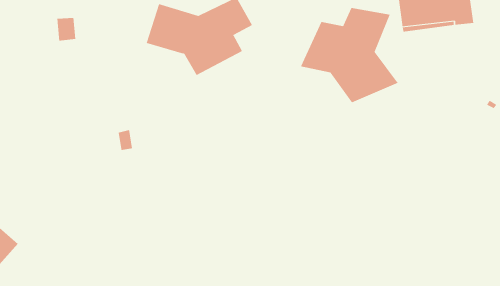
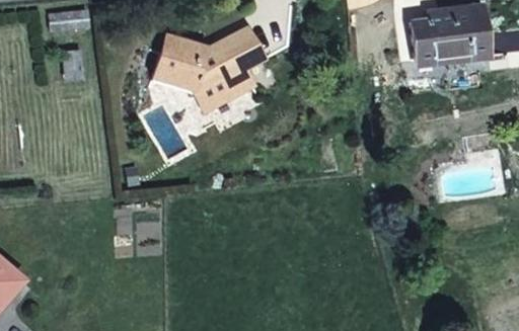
building: [300,7,398,103] -> none

